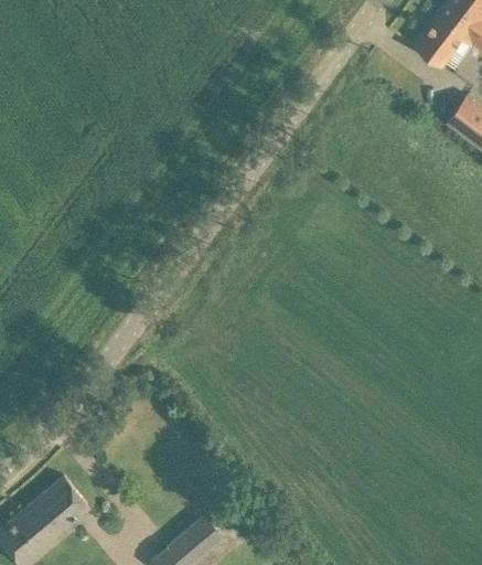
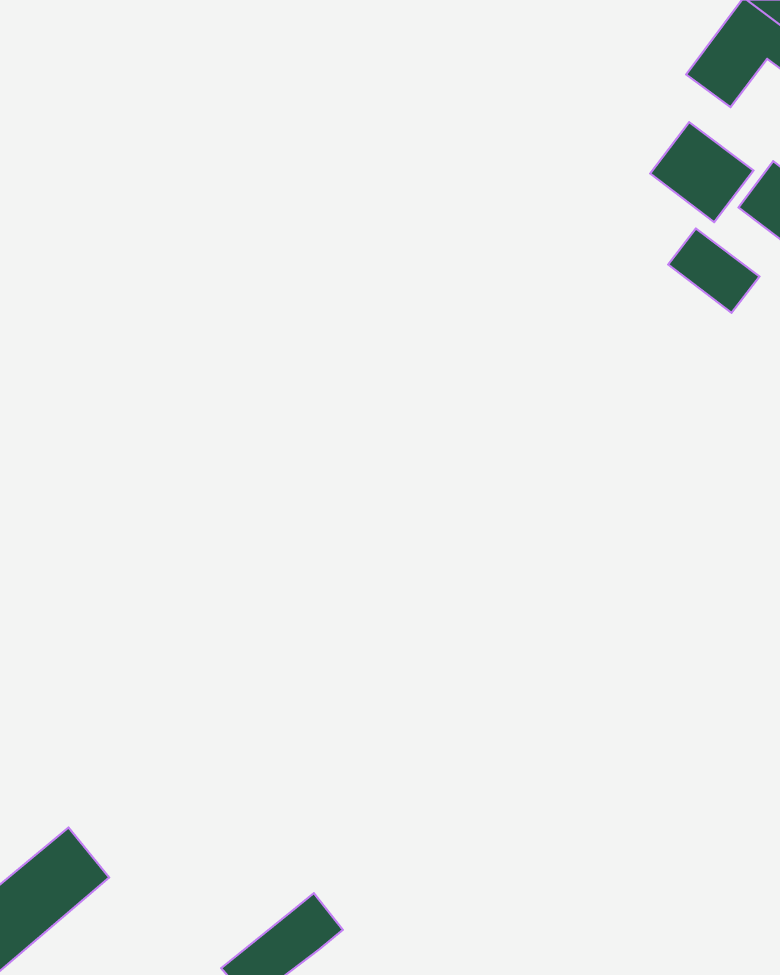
building: none -> [650,122,753,222]
building: none -> [668,228,759,313]

